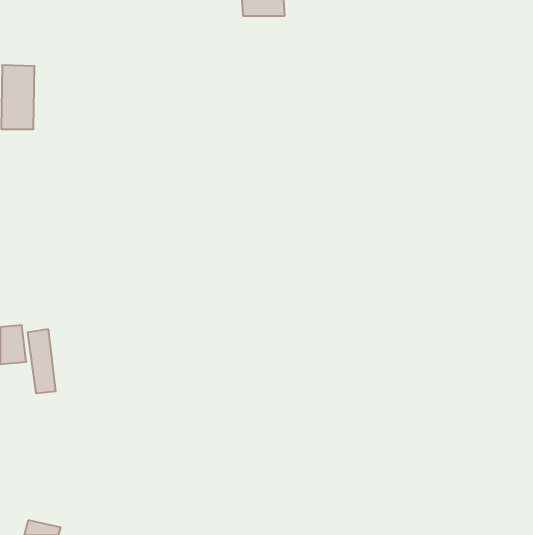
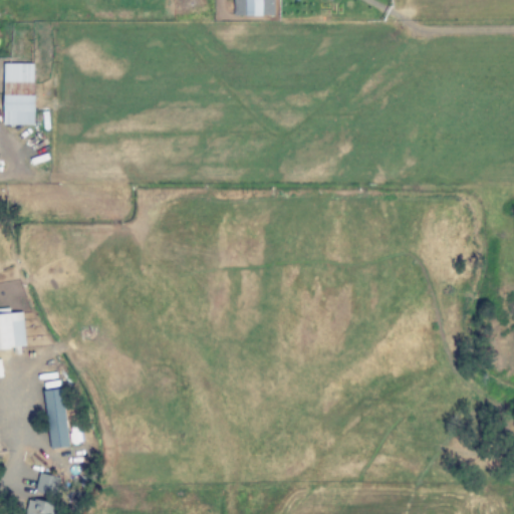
building: [28,329,56,393] -> [43,388,70,449]
building: none -> [35,472,60,494]

